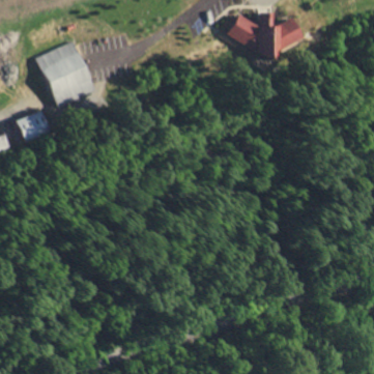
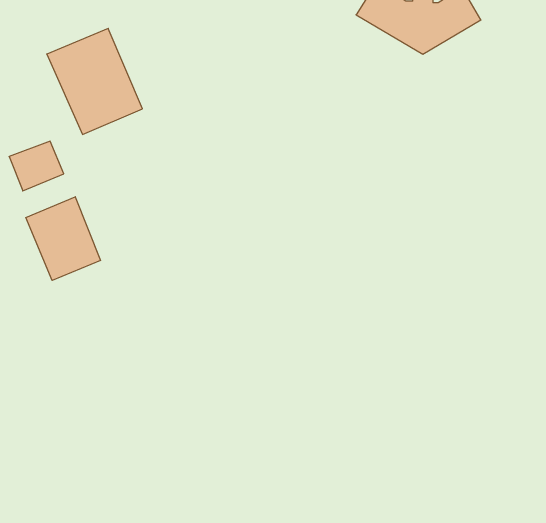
building: none -> [26,197,100,280]

